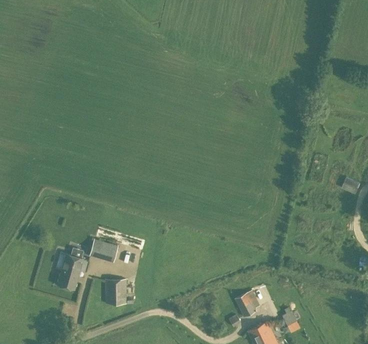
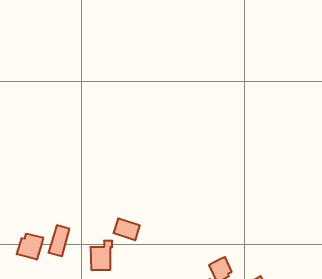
building: [89,238,118,262] -> [113,218,140,240]
building: none -> [17,234,43,260]

